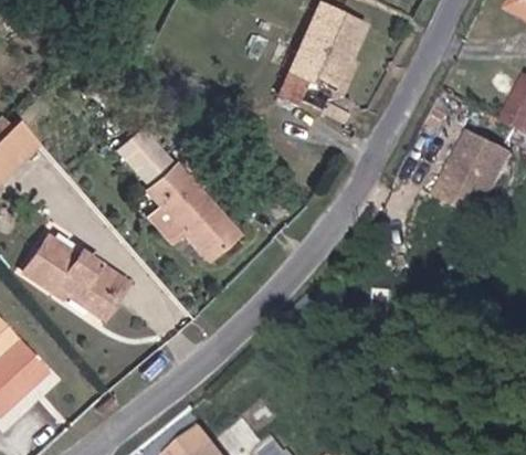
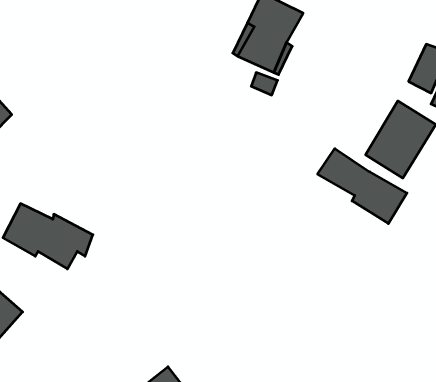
building: [109,126,234,257] -> none
building: none -> [318,149,407,224]

